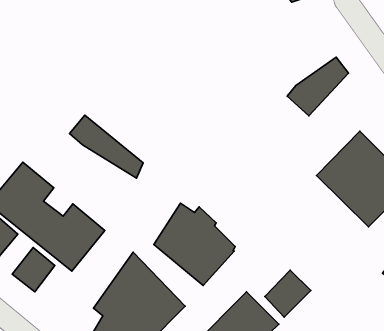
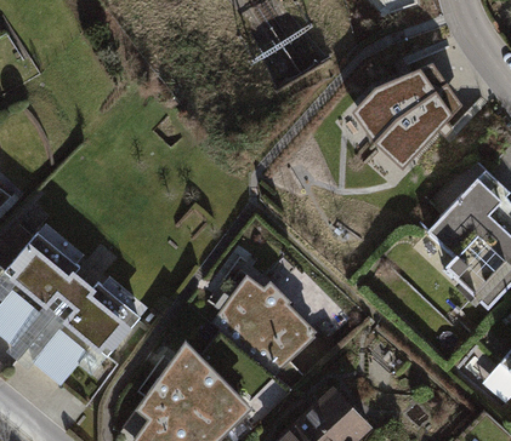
building: none -> [362,62,447,136]
building: [69,115,143,178] -> none
building: [265,270,311,317] -> none

